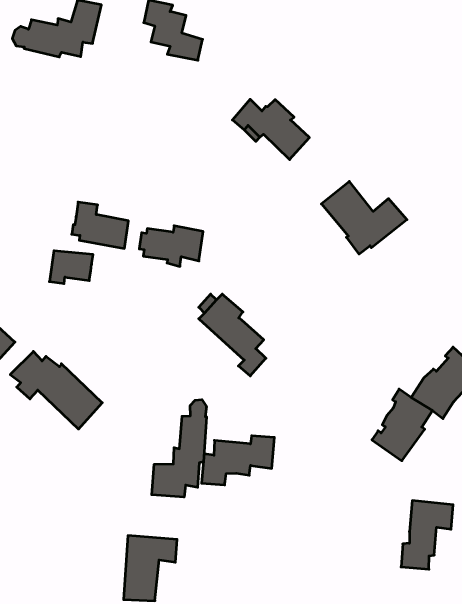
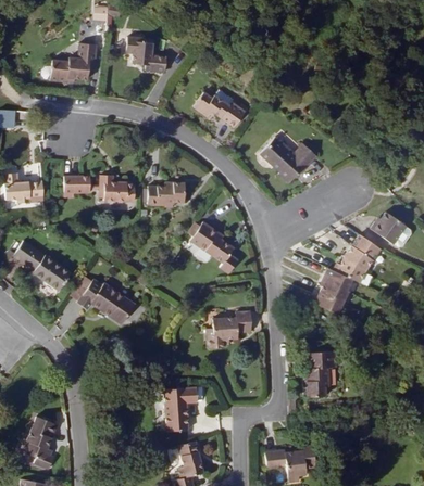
building: [49,251,93,284] -> [64,176,90,197]
building: [152,400,207,497] -> none
building: [401,501,453,569] -> [307,351,337,397]

